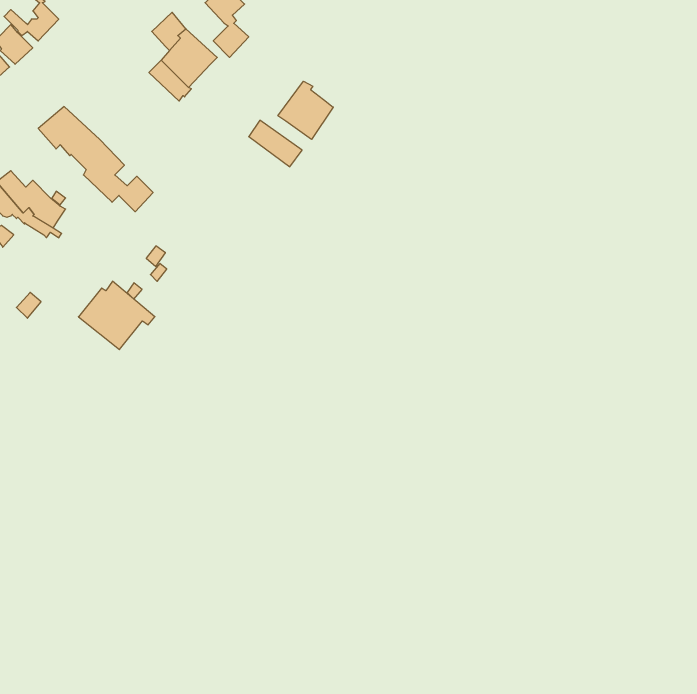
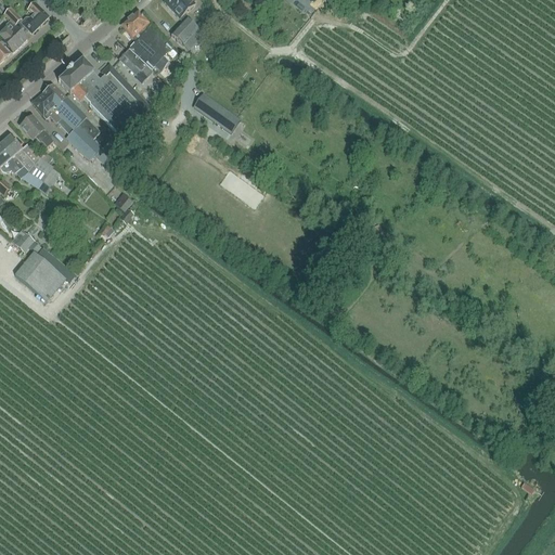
building: none -> [57,60,153,141]
building: [278,81,333,139] -> none
building: none -> [18,116,52,146]
building: [78,281,155,350] -> [14,246,75,300]

